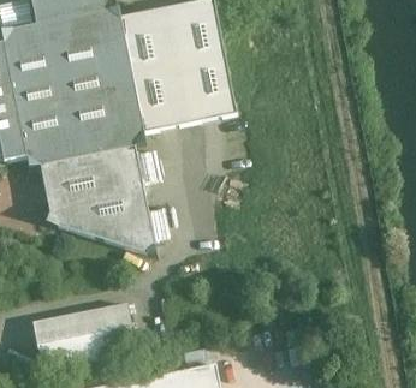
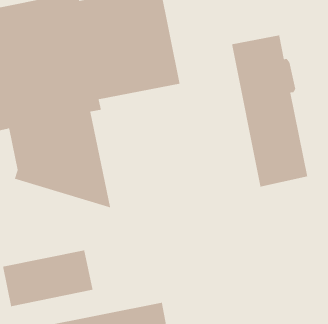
building: none -> [231,34,308,188]

